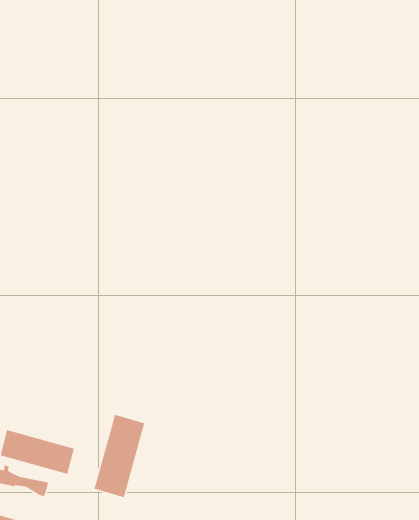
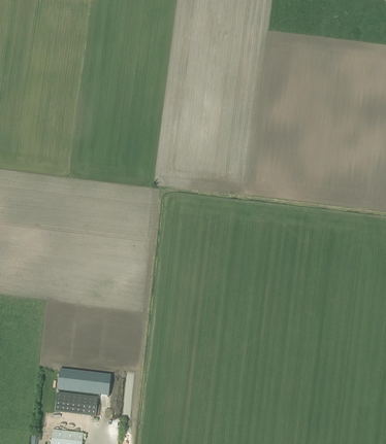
building: [94,414,145,498] -> none

